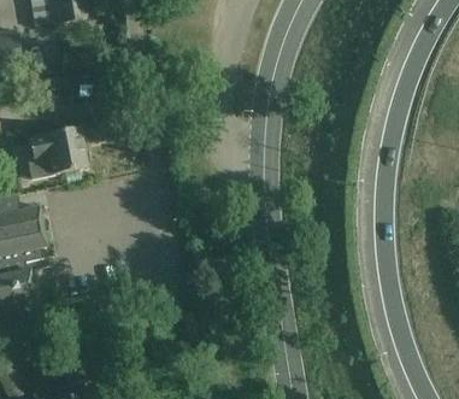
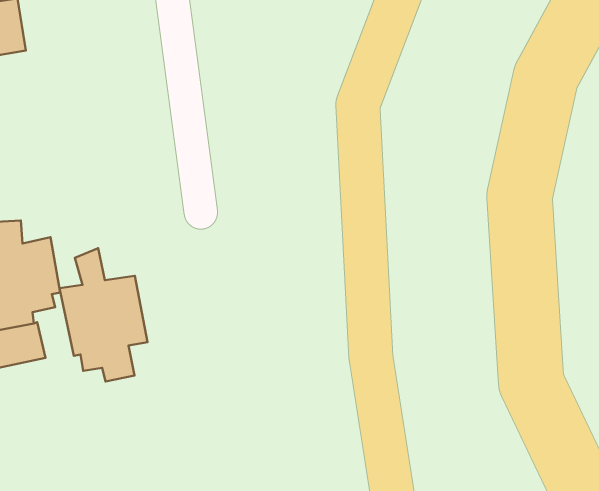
building: [29,125,87,177] -> none
building: none -> [59,248,147,382]

